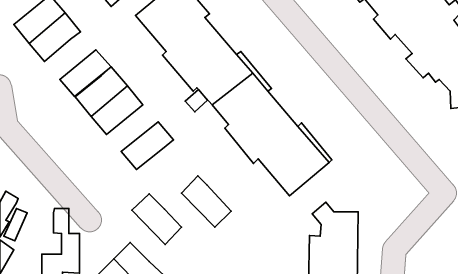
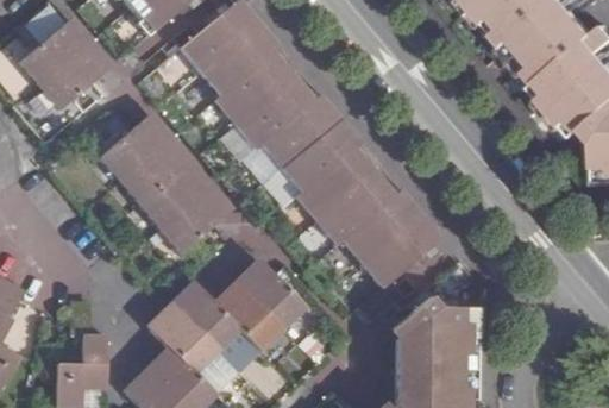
building: [60,50,111,97] -> [142,165,209,227]
building: none -> [218,282,284,349]
building: none -> [152,305,219,372]

